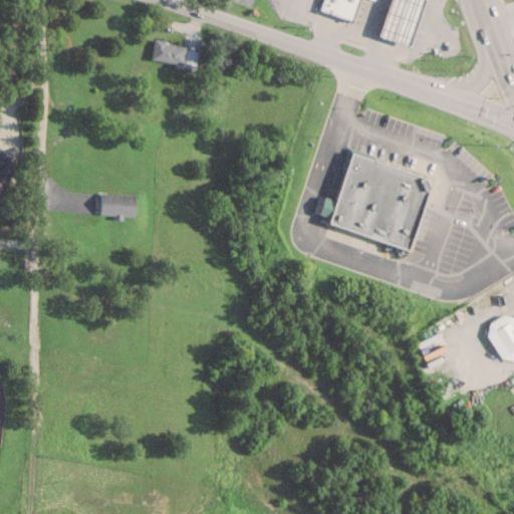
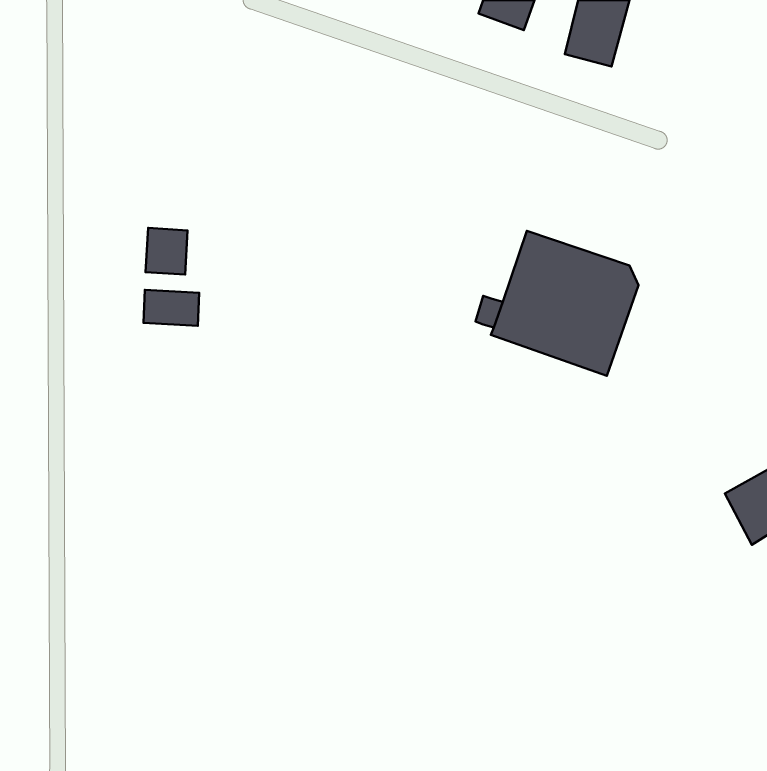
building: [151,39,186,65] -> none
building: none -> [146,228,187,275]

